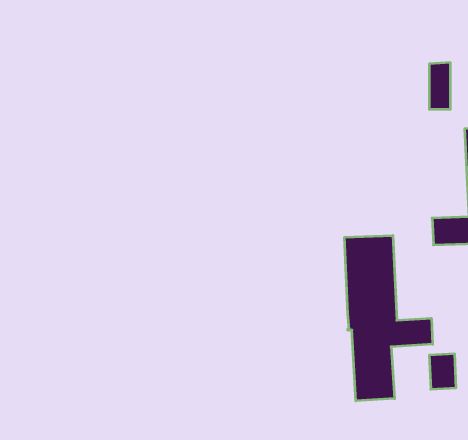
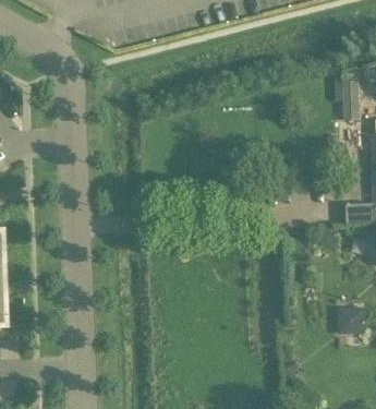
building: [345,235,433,401] -> none

